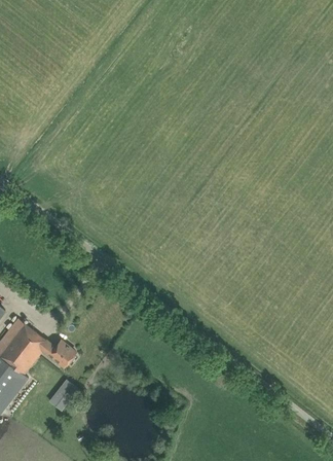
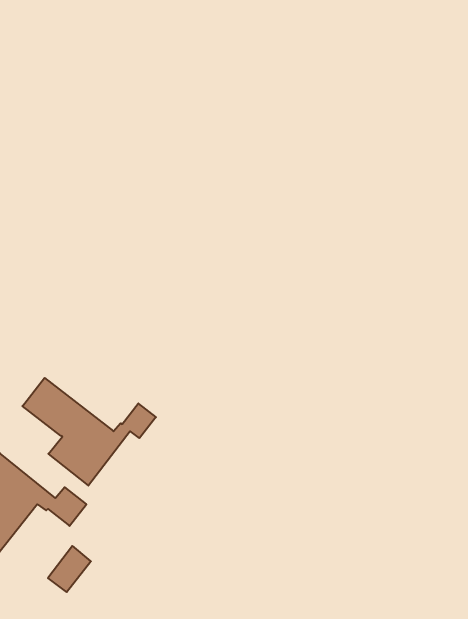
building: none -> [22,378,156,486]

